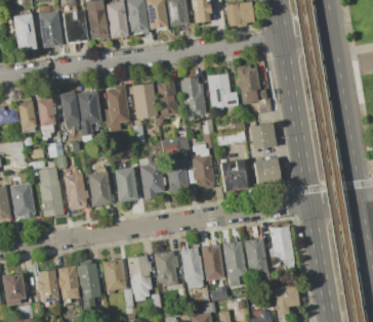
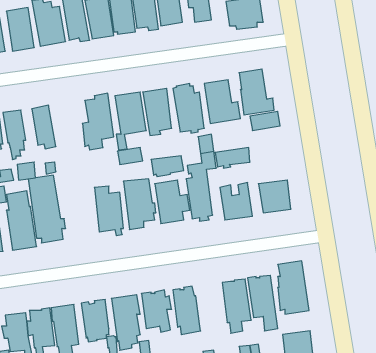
building: [76,91,101,141] -> none
building: [247,124,277,152] -> none
building: [88,167,112,205] -> none
building: [201,244,225,287] -> none

